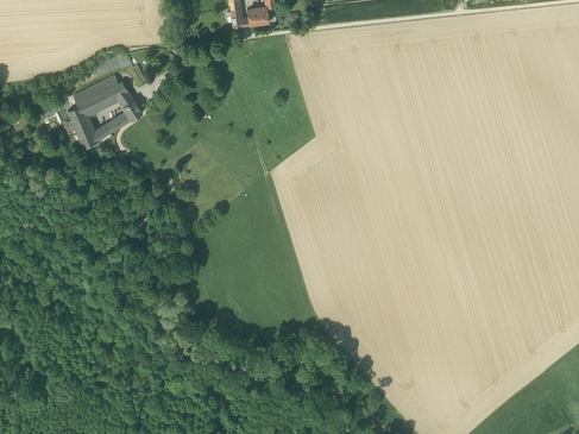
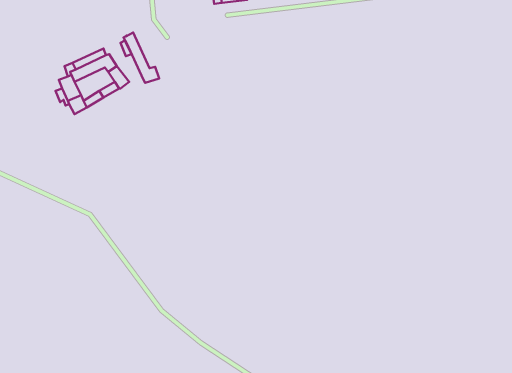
building: none -> [123,33,159,83]

